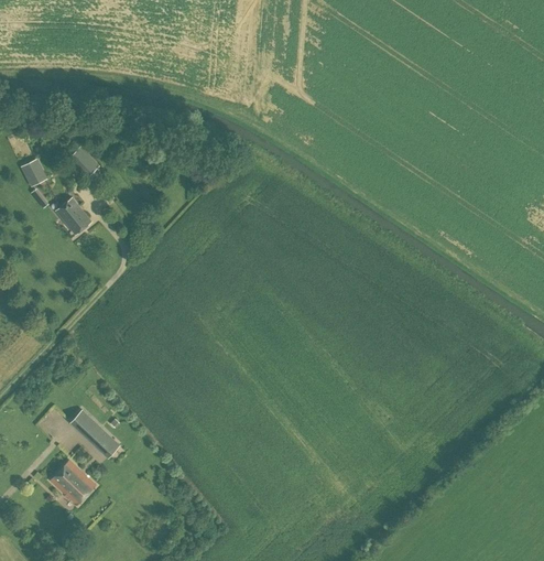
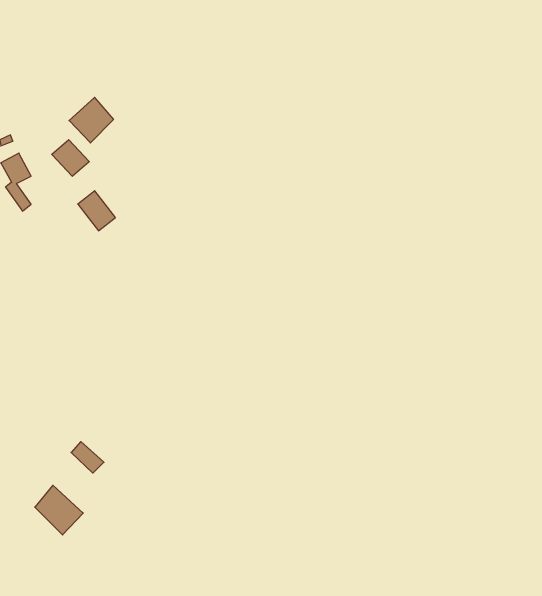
building: none -> [69,97,113,143]
building: [56,197,90,234] -> [78,191,115,231]

